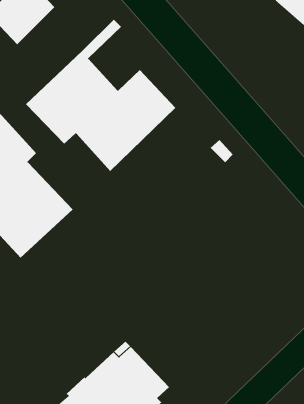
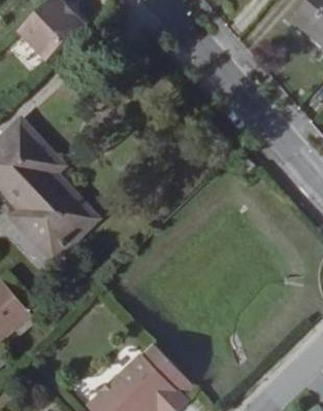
building: [25,19,176,172] -> none

